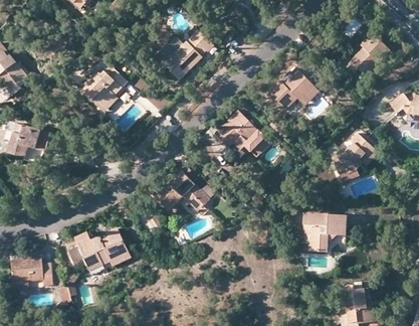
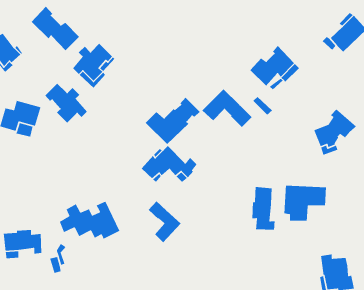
building: none -> [31,6,80,51]
building: [155,28,213,78] -> [145,97,201,145]
building: none -> [45,83,88,123]
building: none -> [251,186,276,230]
building: none -> [148,200,181,243]

